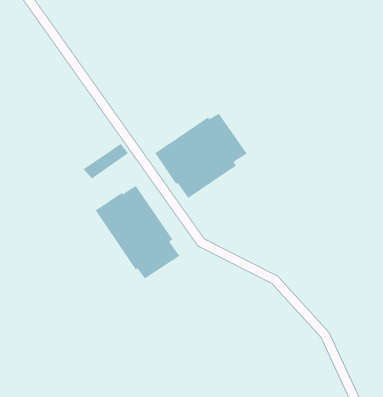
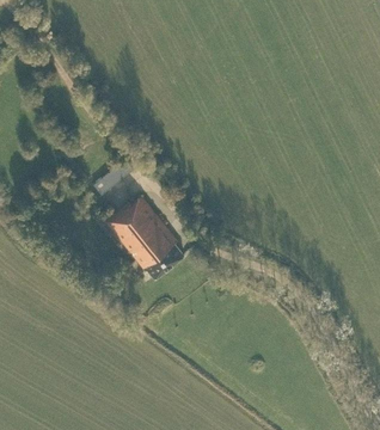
building: [155,113,247,199] -> none

